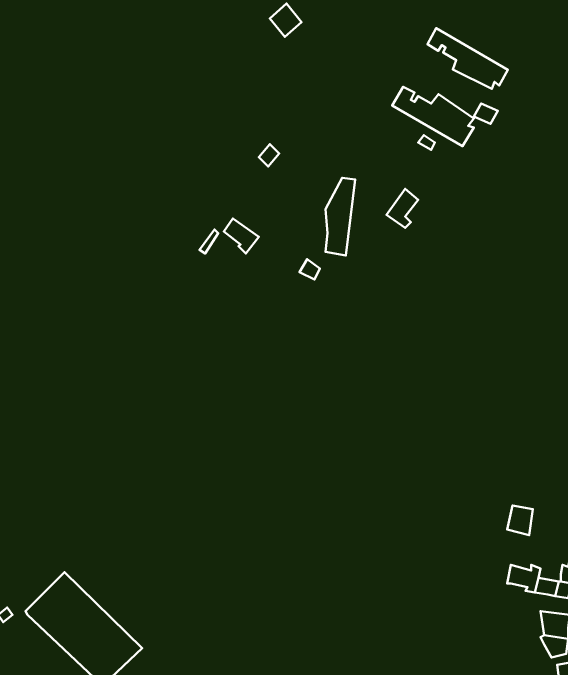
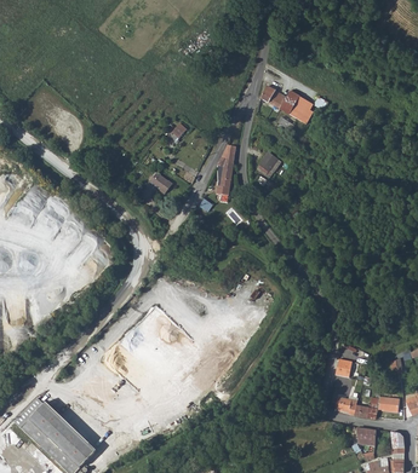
building: [427,28,508,89] -> none

